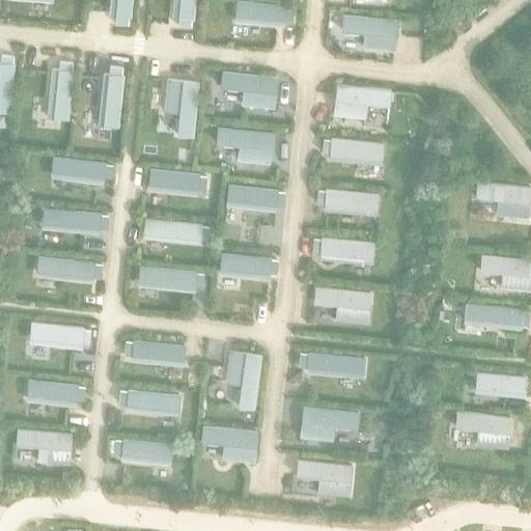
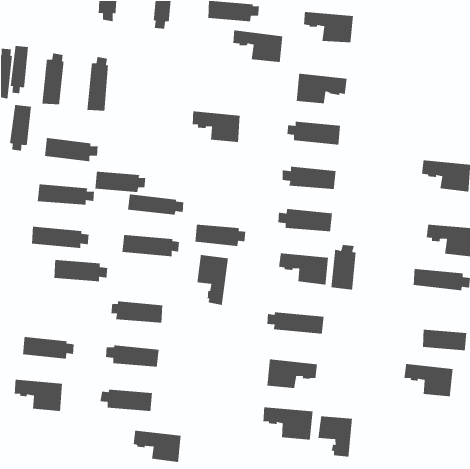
building: none -> [10,45,29,94]
building: [221,71,278,108] -> [232,30,283,63]
building: [165,79,198,136] -> none
building: none -> [9,104,32,152]
building: [148,170,206,195] -> [94,171,146,193]
building: [226,185,284,212] -> none
building: none -> [331,244,356,290]
building: [30,323,91,348] -> [54,259,108,282]
building: [226,351,262,409] -> [197,254,229,306]
building: [203,425,258,463] -> [133,430,182,463]
building: none -> [317,415,353,458]

